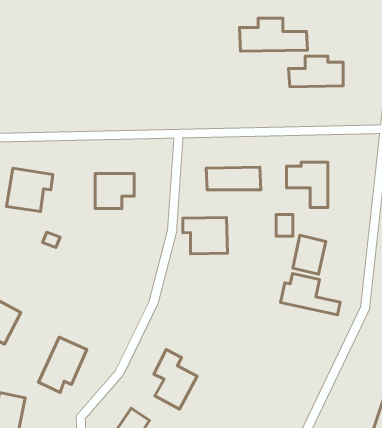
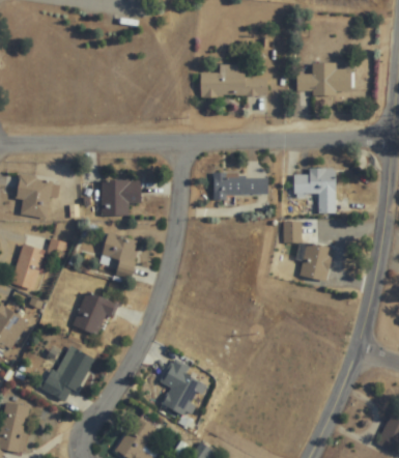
building: [239,18,307,51] -> [200,64,268,97]
building: [183,217,228,254] -> none
building: none -> [101,234,139,275]
building: none -> [11,245,46,290]
building: [281,273,340,315] -> none
building: none -> [73,291,118,336]

